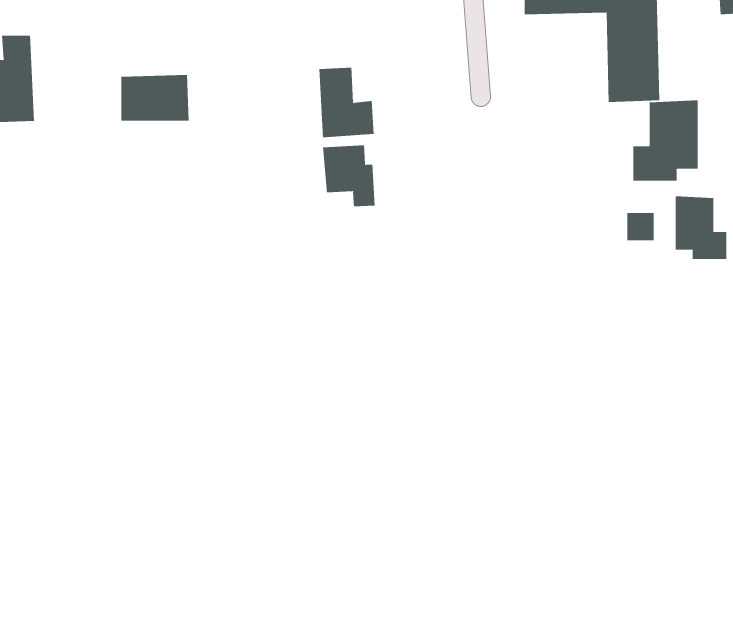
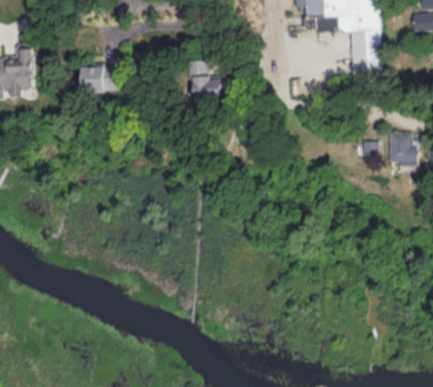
building: [633,99,698,182] -> none
building: [322,144,375,207] -> none

